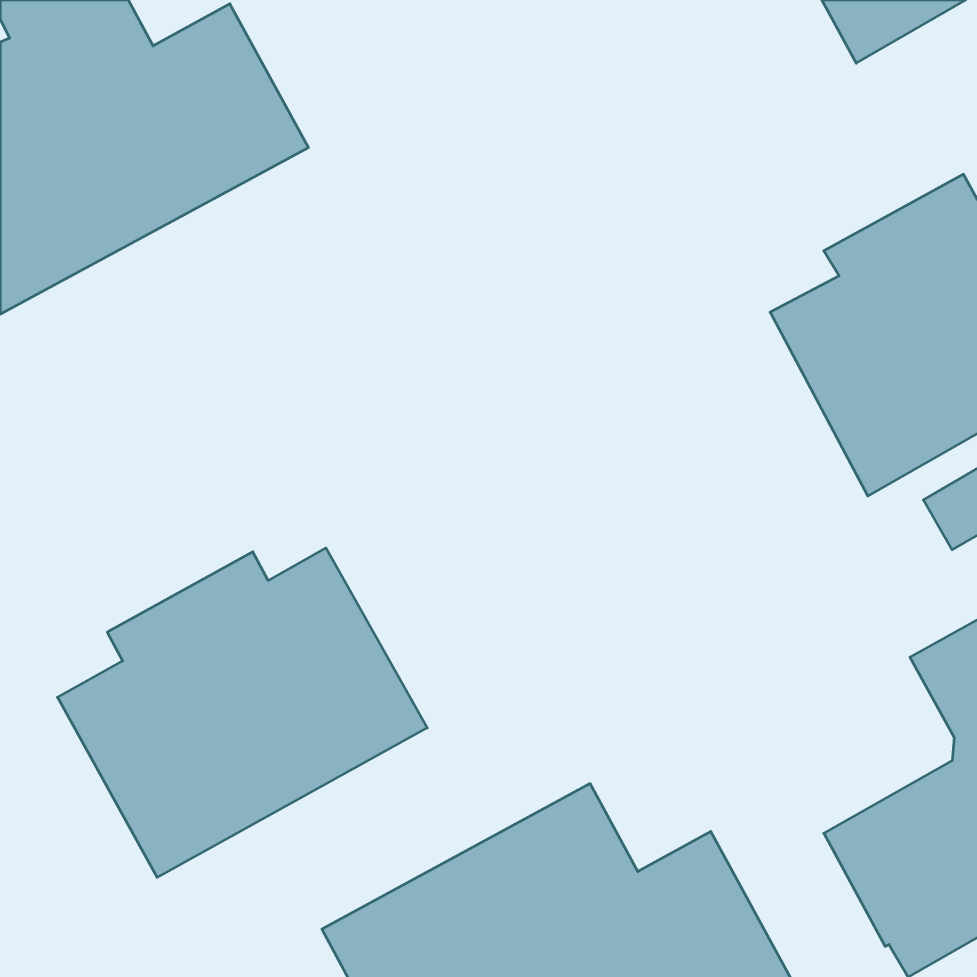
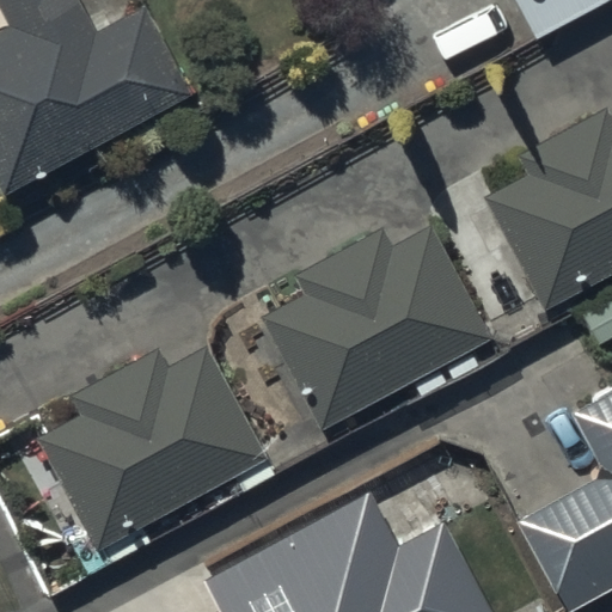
building: none -> [259,225,491,432]

